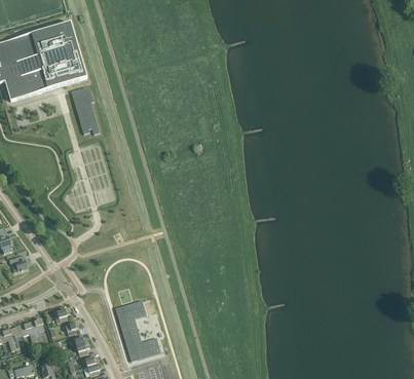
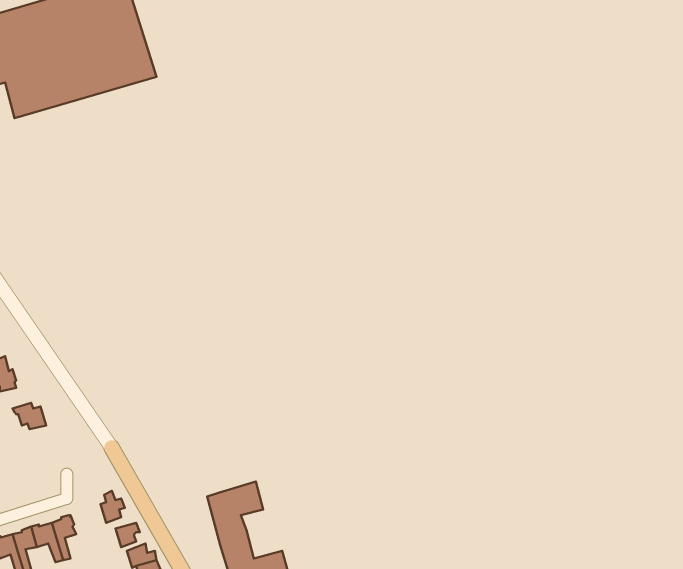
building: [71,87,99,135] -> none

